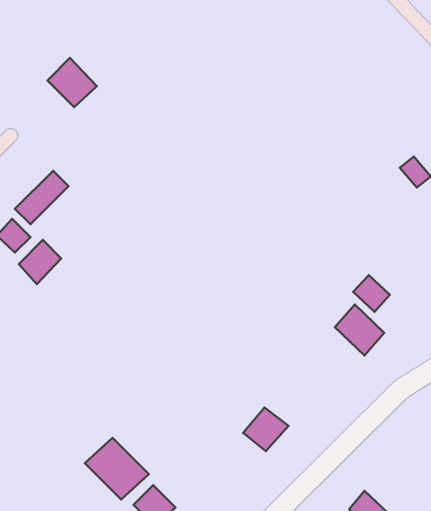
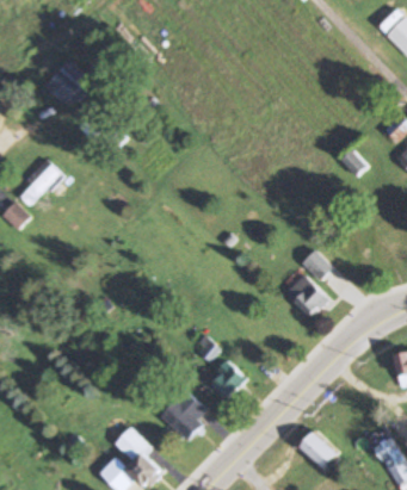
building: [19,240,61,284] -> none
building: [85,438,149,499] -> none
building: none -> [162,390,206,441]

